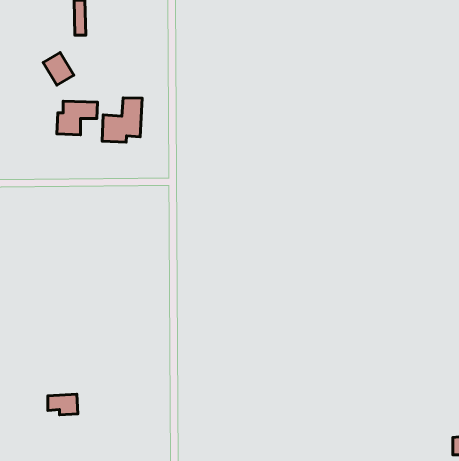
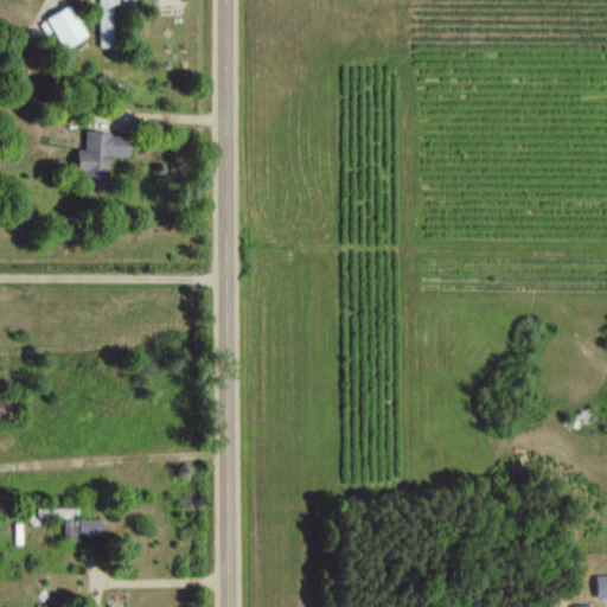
building: [43,53,74,85] -> [49,6,89,49]
building: [102,98,142,142] -> none

